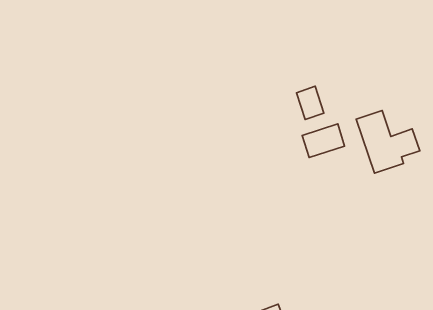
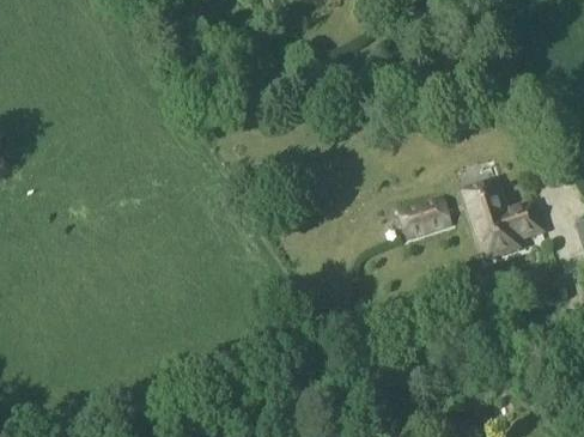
building: [296,86,324,120] -> none

